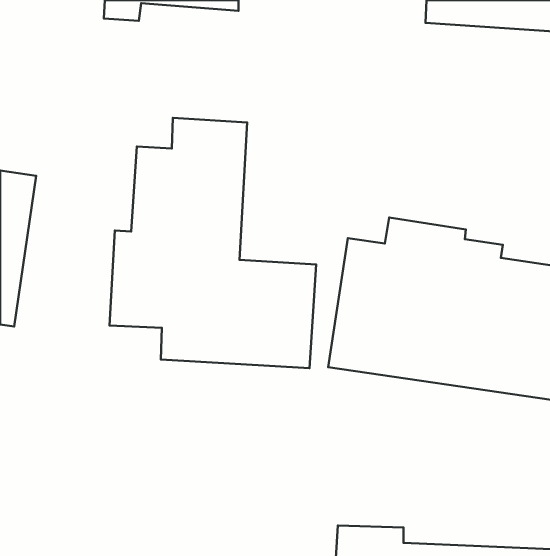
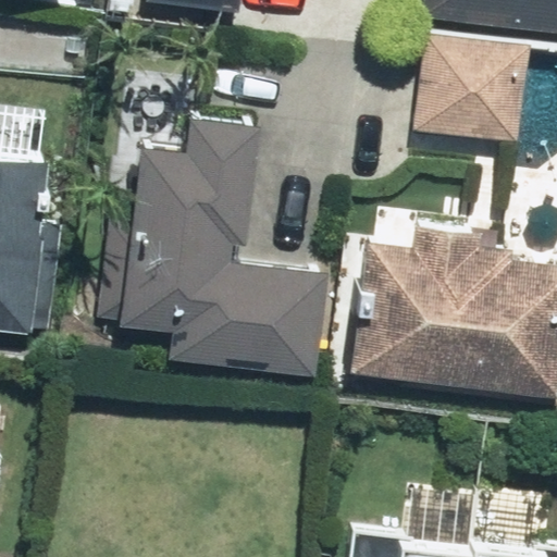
building: none -> [419,36,530,137]

